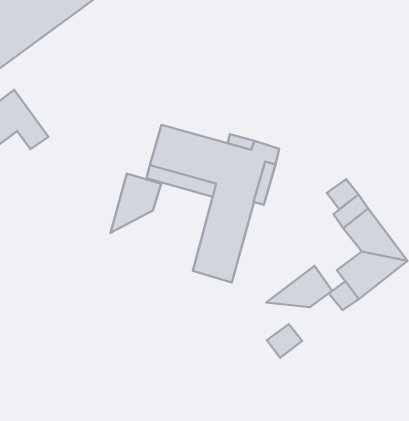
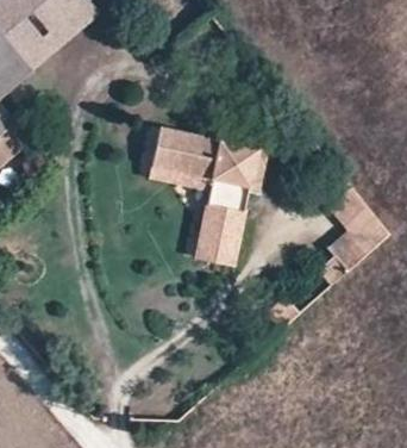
building: [110,173,161,233] -> none
building: [266,266,332,307] -> none

